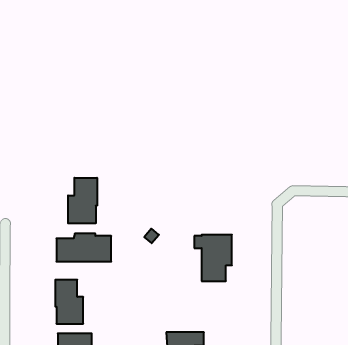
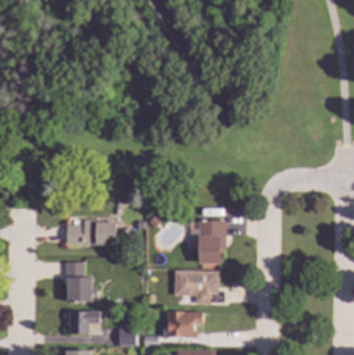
building: [68,178,97,223] -> none
building: none -> [174,271,226,305]

